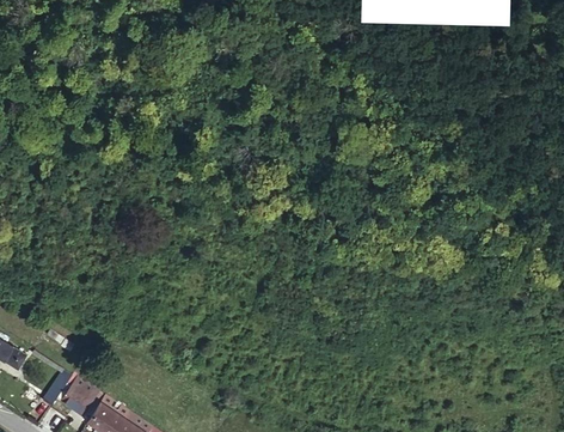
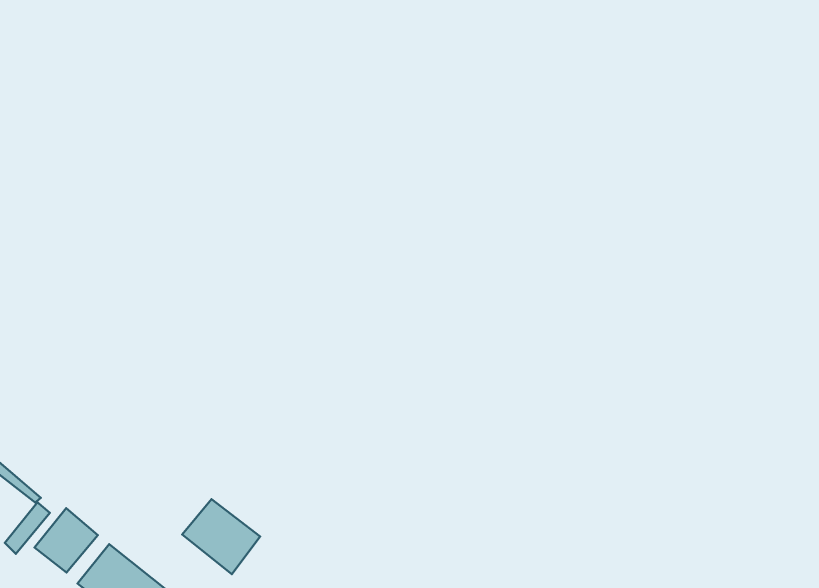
building: none -> [182,499,260,574]

